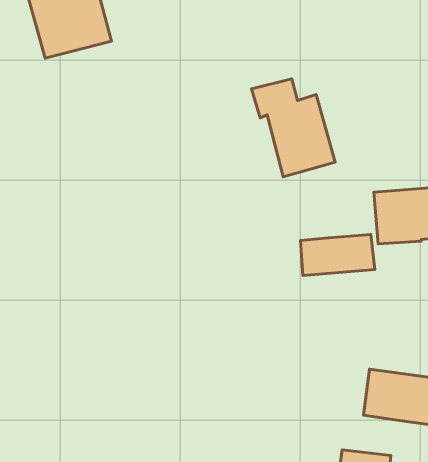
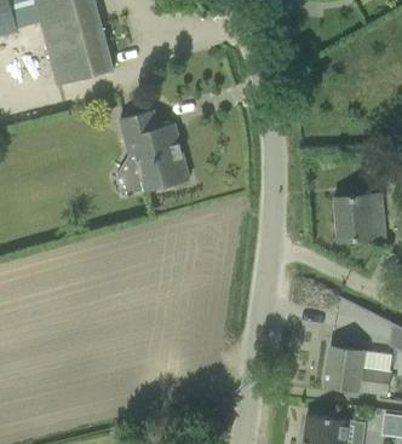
building: [251,79,335,177] -> [119,109,189,191]
building: [300,234,375,275] -> none

